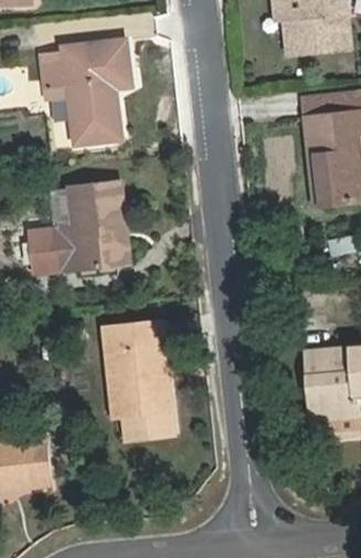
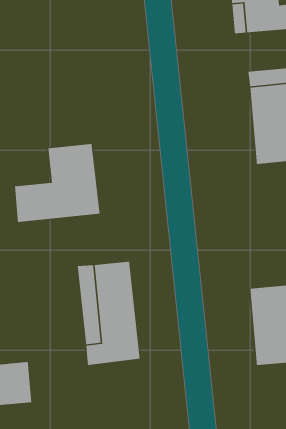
building: [40,38,132,147] -> none

